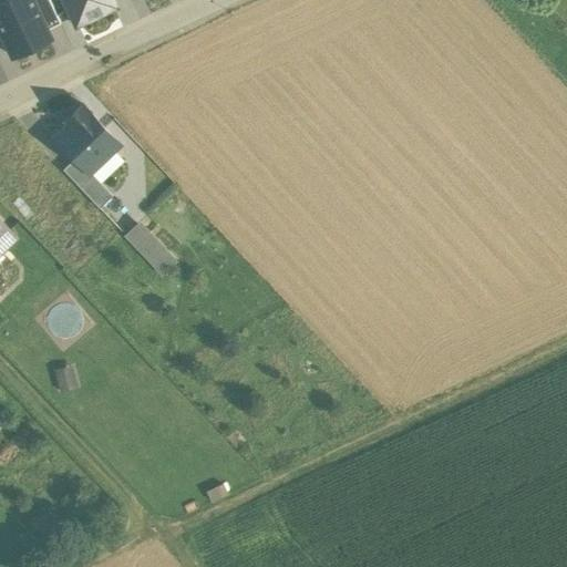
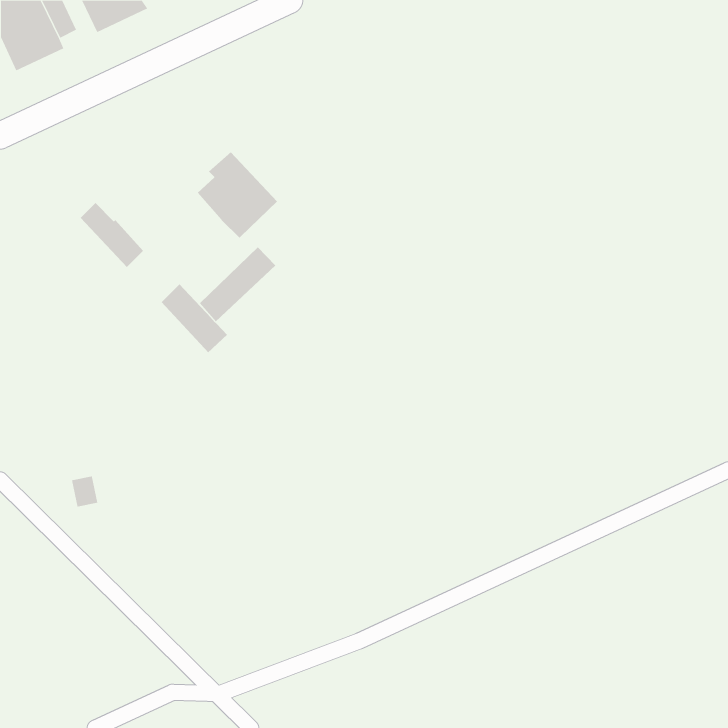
building: [55,104,118,172] -> [197,152,278,239]
building: none -> [199,247,276,322]

